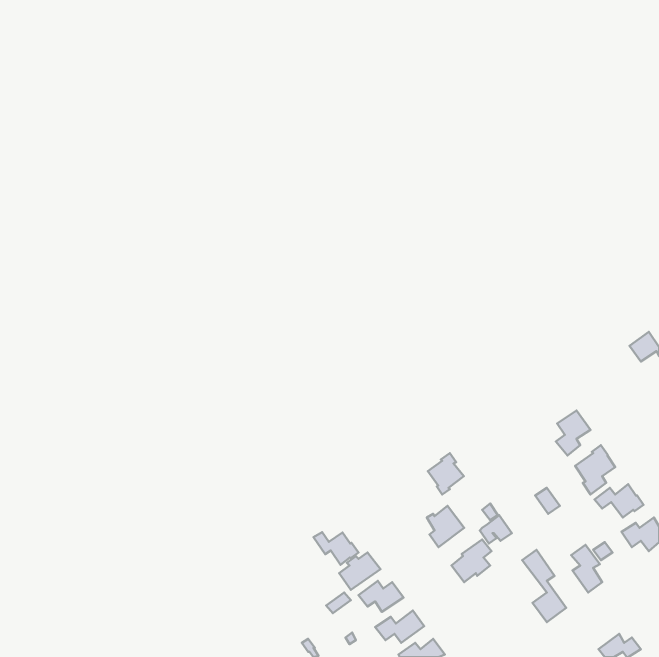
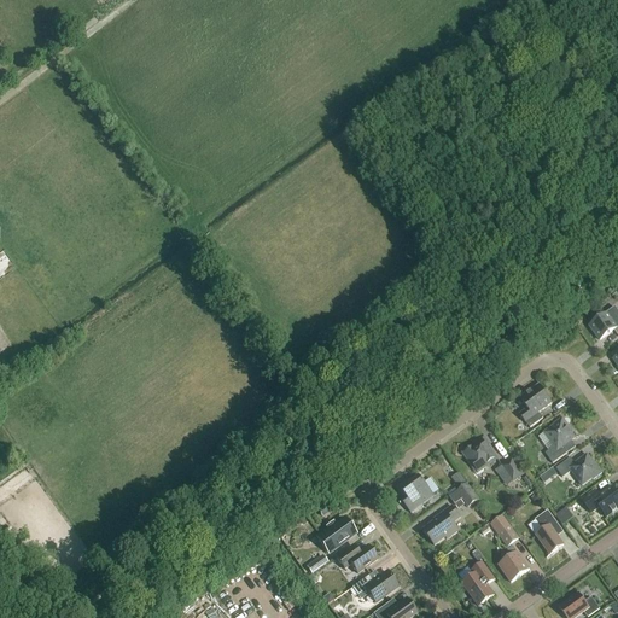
building: [428,453,464,494] -> [464,435,497,473]
building: [313,532,358,565] -> none
building: none -> [461,560,495,605]

